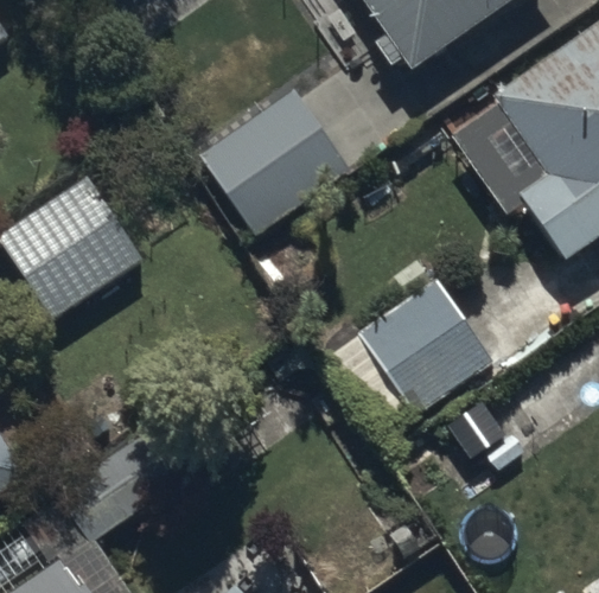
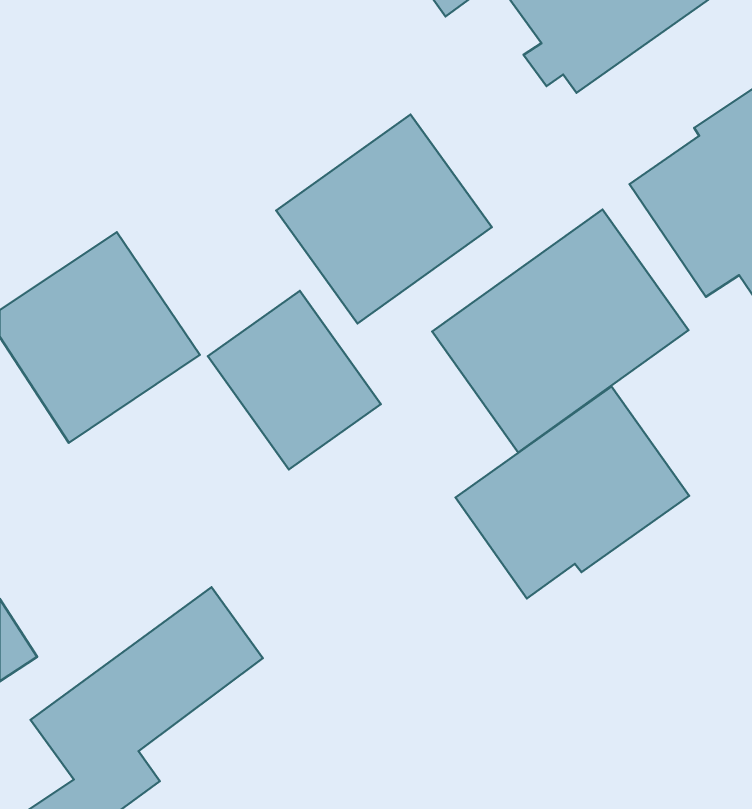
building: none -> [432,209,689,452]
building: none -> [208,291,381,470]

